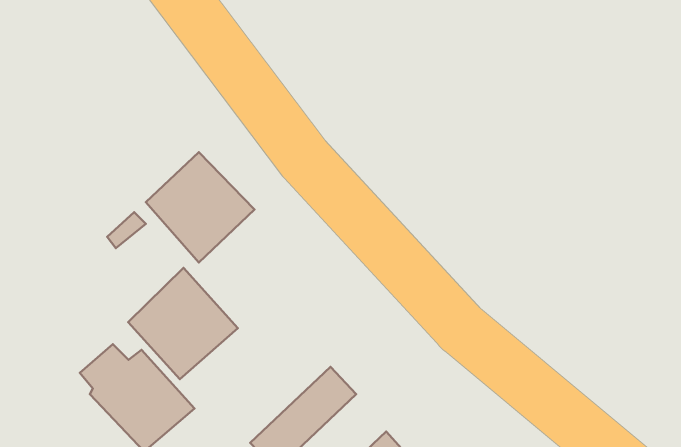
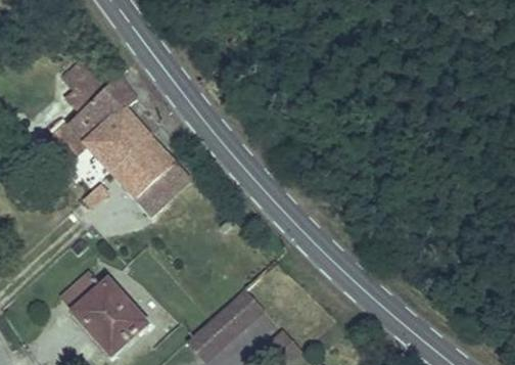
building: none -> [51,64,148,169]
building: [128,268,238,379] -> none

